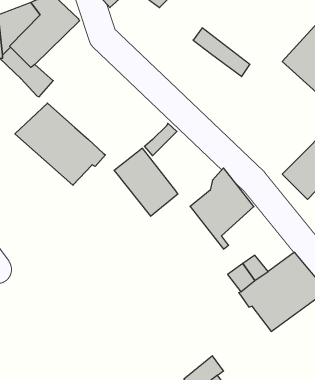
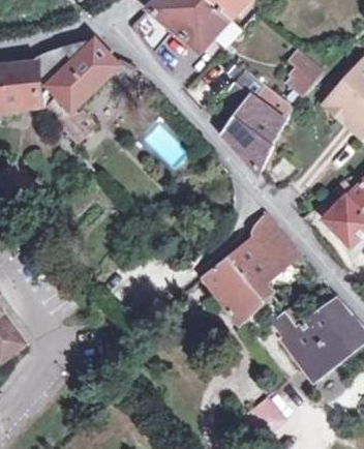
building: none -> [280,49,324,97]
building: none -> [222,96,283,172]
building: [15,103,105,185] -> none
building: [114,148,178,216] -> [202,251,267,321]

